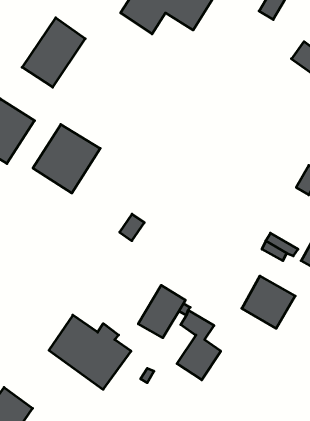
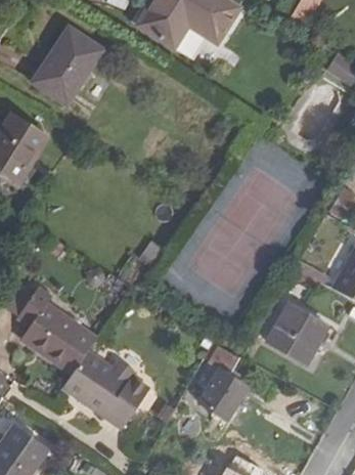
building: [33,124,100,193] -> none
building: none -> [16,289,95,372]
building: [138,285,185,338] -> none

